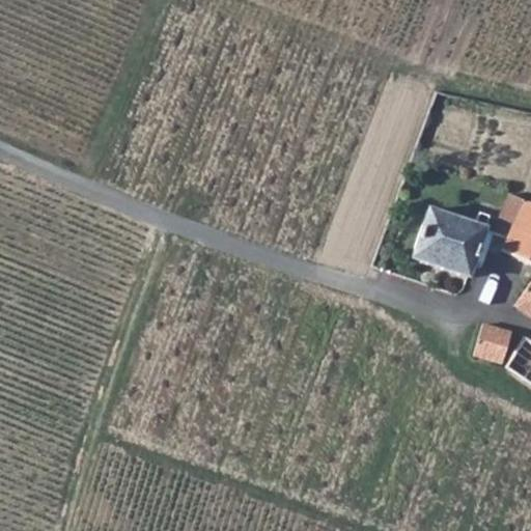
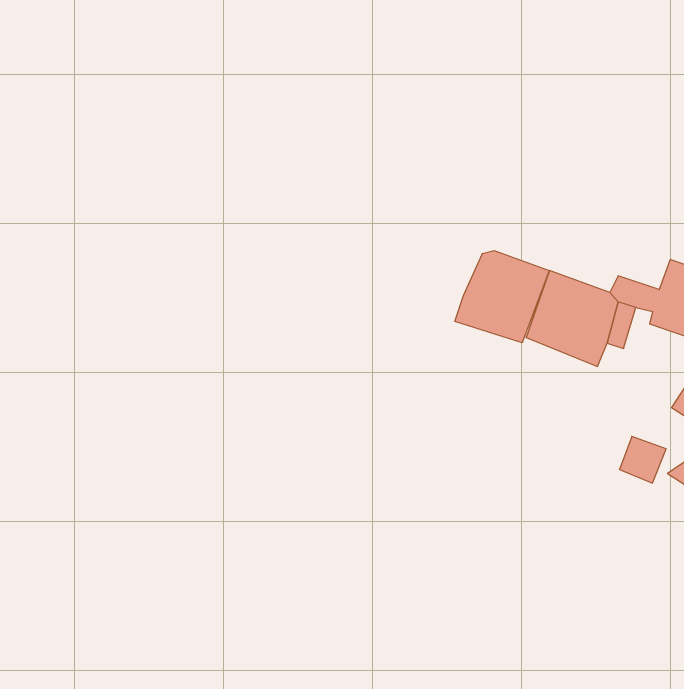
building: none -> [455,251,549,343]

